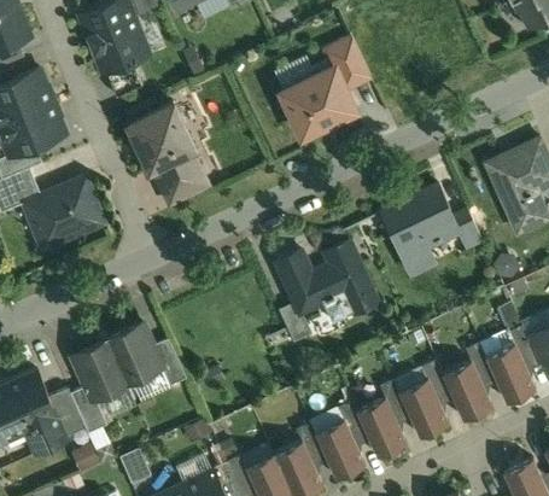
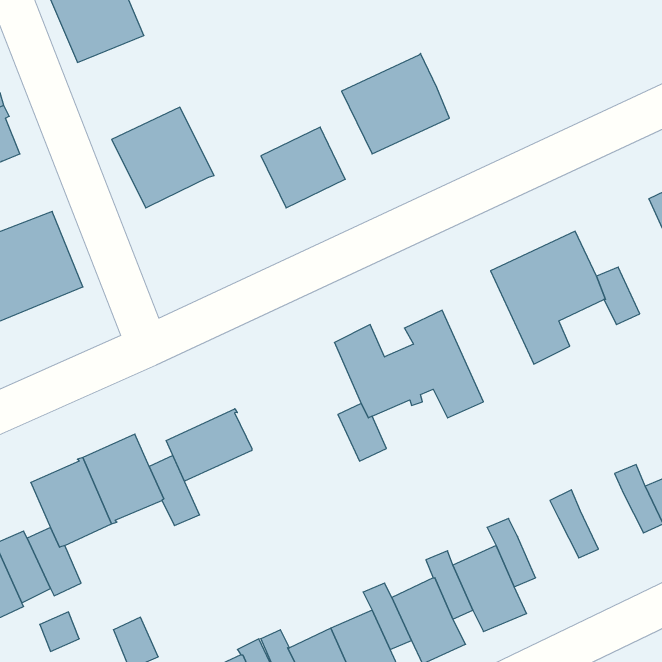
building: [326,40,370,91] -> none
building: [152,151,209,205] -> [261,127,345,208]
building: none -> [166,409,252,481]
building: [442,363,491,421] -> none
building: [399,380,448,438] -> none

